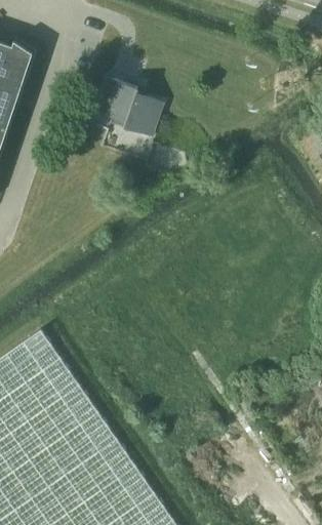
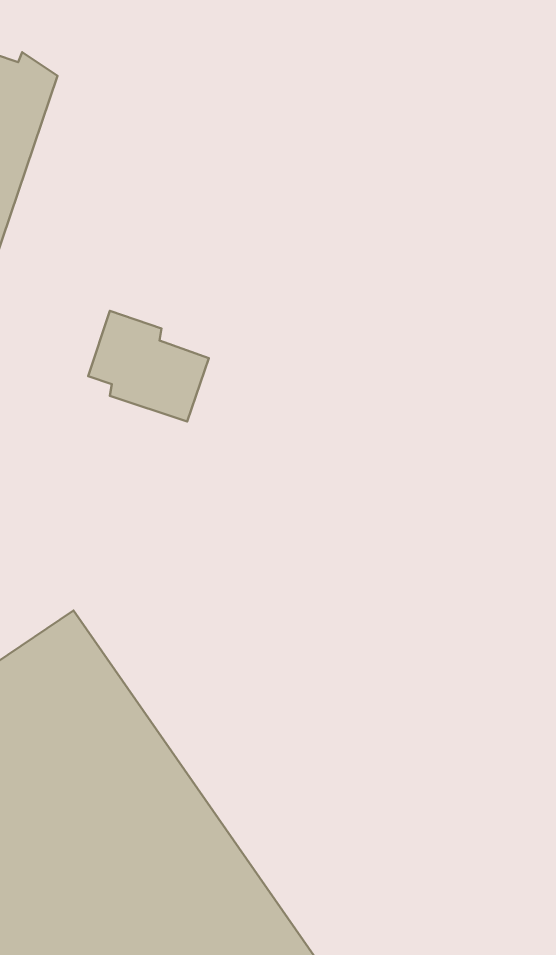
building: [98,78,161,135] -> [88,311,209,422]

